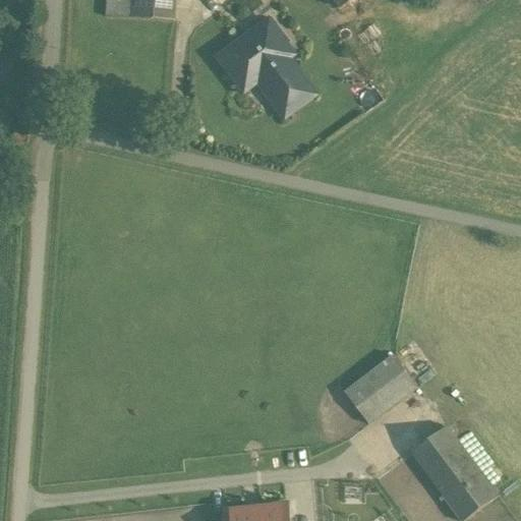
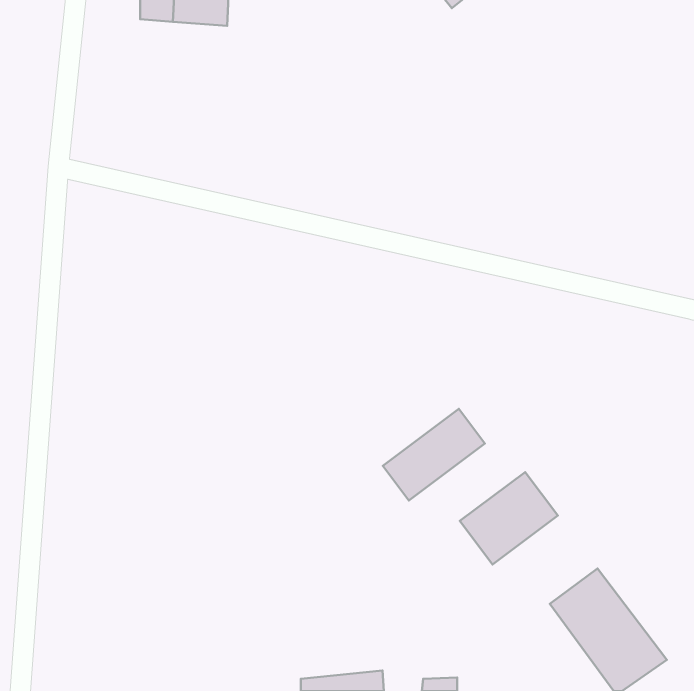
building: [216,18,312,113] -> none
building: none -> [383,409,485,500]

